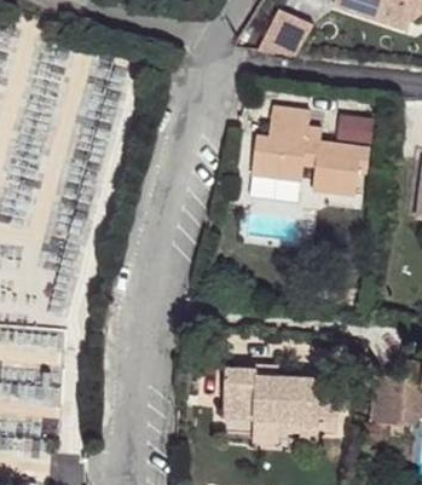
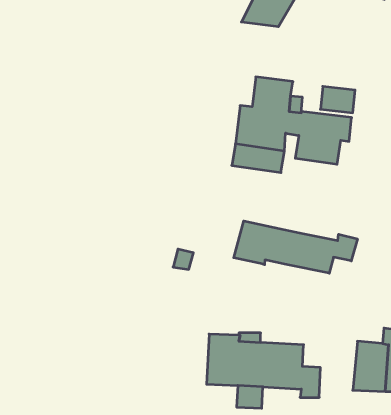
building: none -> [234,221,357,273]

